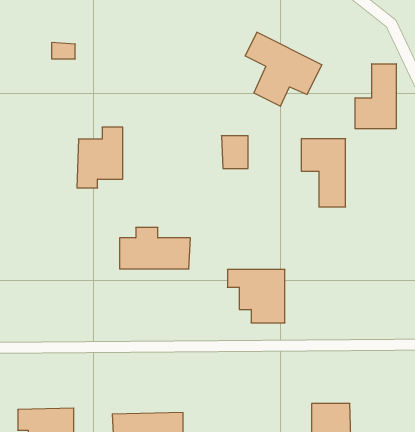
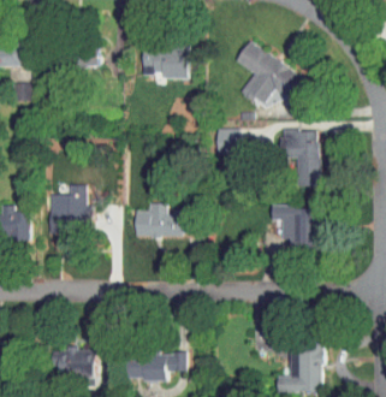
building: none -> [142,47,188,79]
building: [355,64,396,129] -> none
building: [77,127,123,188] -> [48,185,85,235]
building: [227,270,285,323] -> [272,207,319,250]

